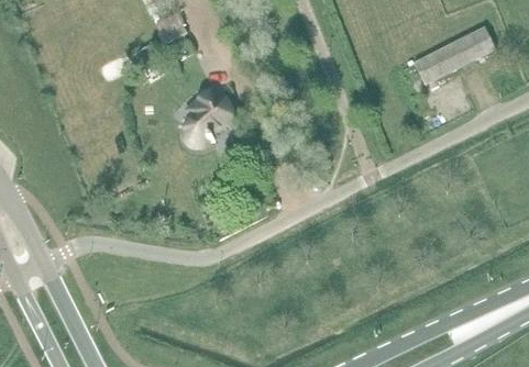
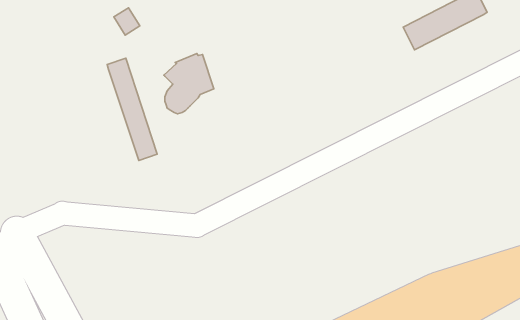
building: none -> [107,58,157,161]

